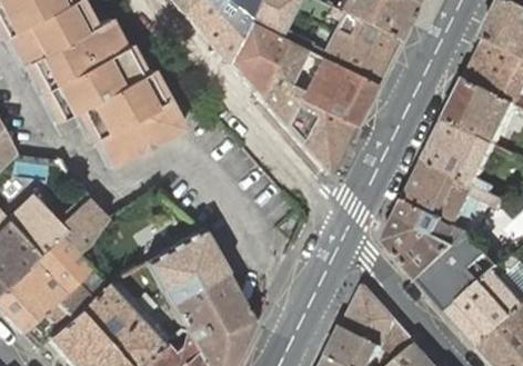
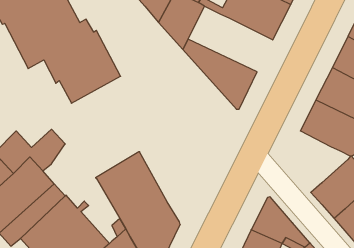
building: [262,39,371,123] -> none
building: [388,199,471,278] -> none

